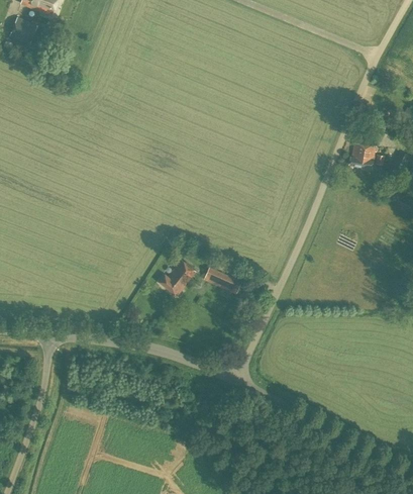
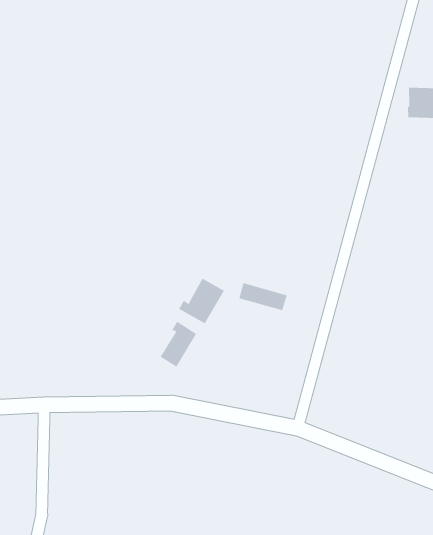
building: none -> [160,321,197,368]

